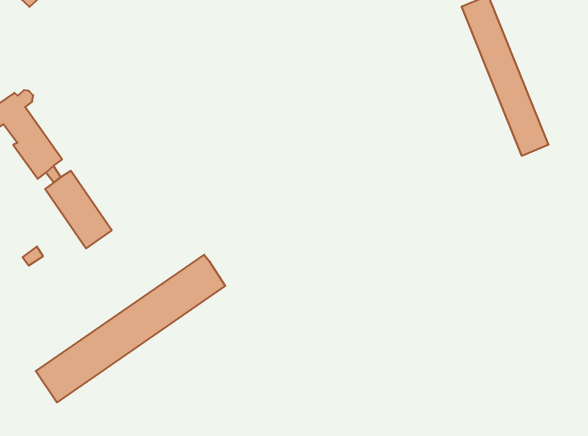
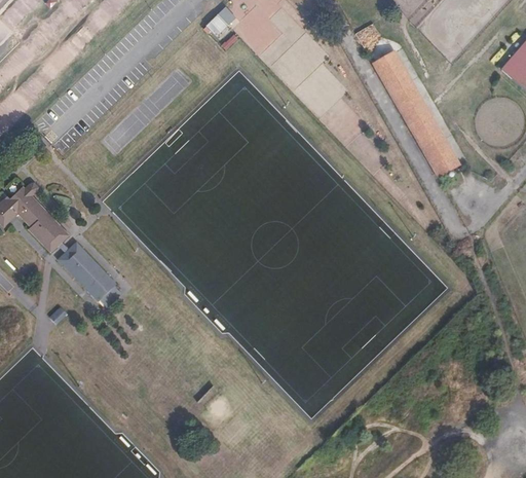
building: [36,255,225,402] -> none

